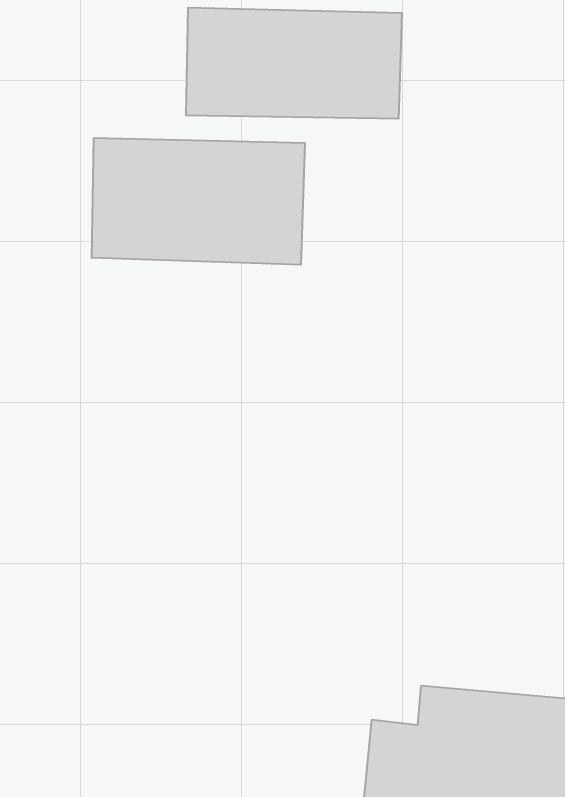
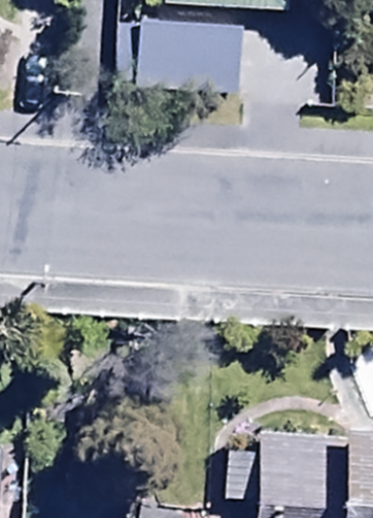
building: [92,138,305,265] -> none

